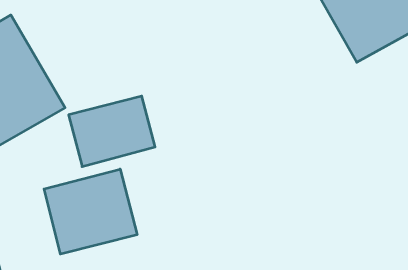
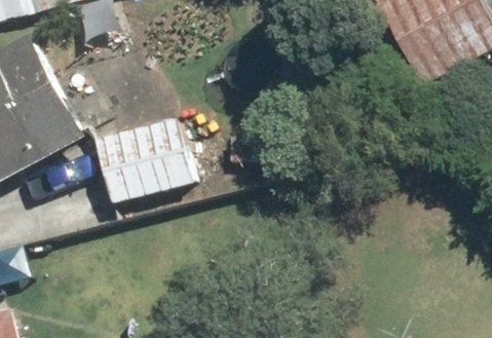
building: [44,169,137,254] -> none

